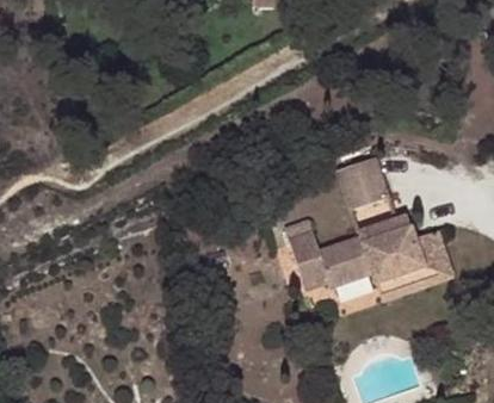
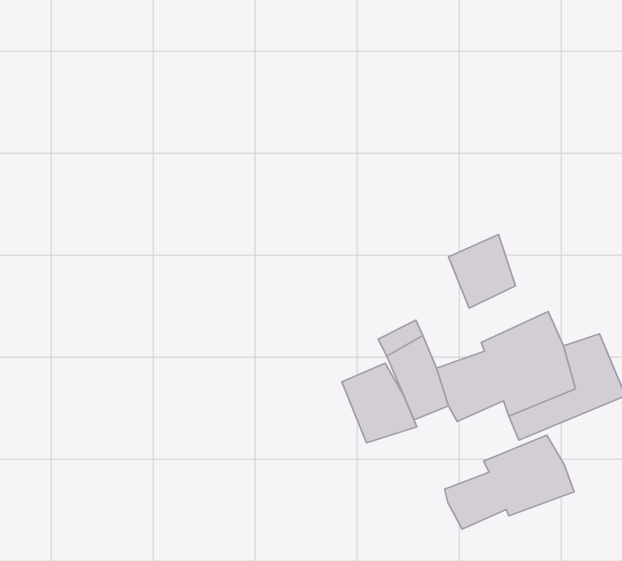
building: none -> [342,363,417,443]
building: none -> [445,435,574,529]

